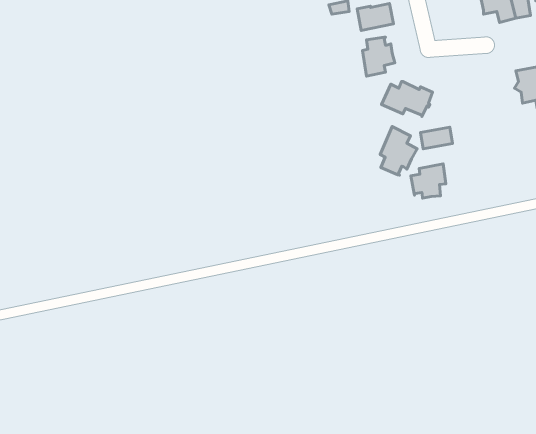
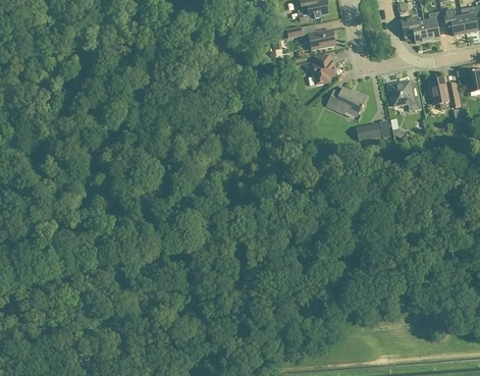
building: none -> [389,80,422,109]
building: [380,127,417,175] -> none
building: [411,164,446,198] -> none

